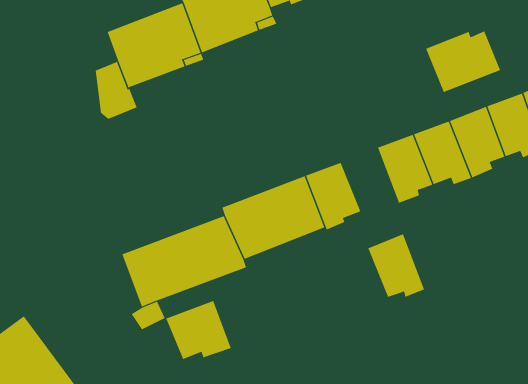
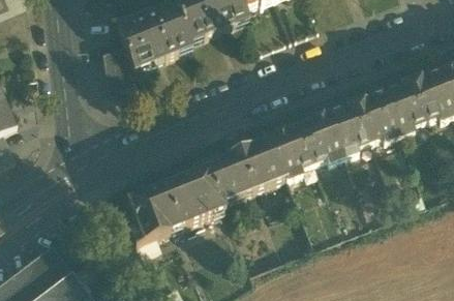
building: [425,31,501,93] -> none
building: [367,233,425,297] -> [298,115,342,164]
building: [165,300,231,360] -> none

